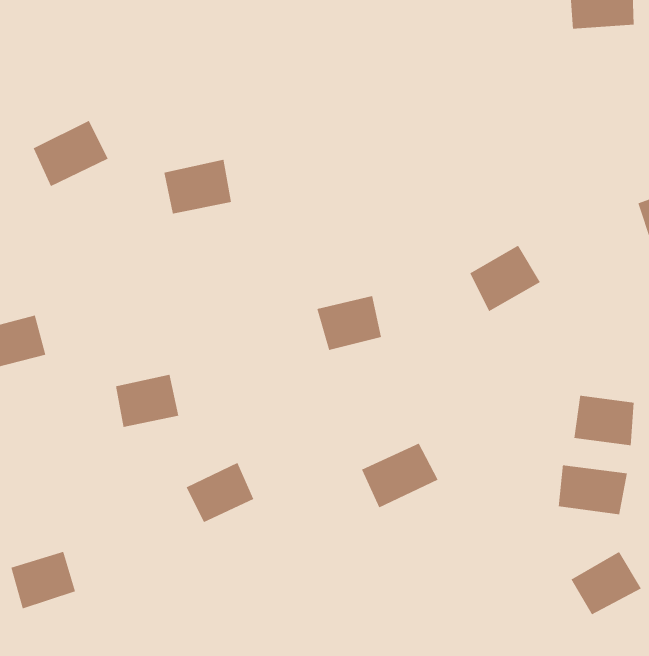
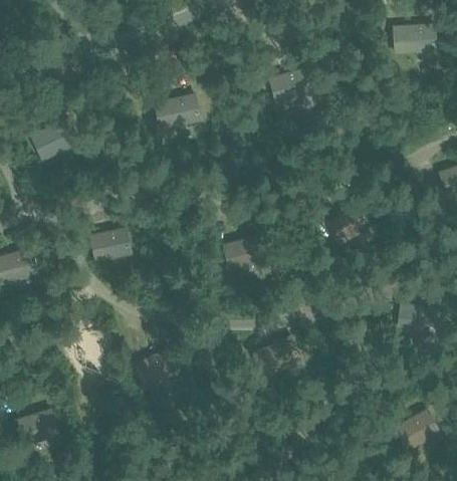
building: none -> [267,67,311,105]
building: [163,159,232,214] -> [153,93,199,131]
building: [115,374,179,428] -> [88,227,132,263]
building: [558,464,627,515] -> none

